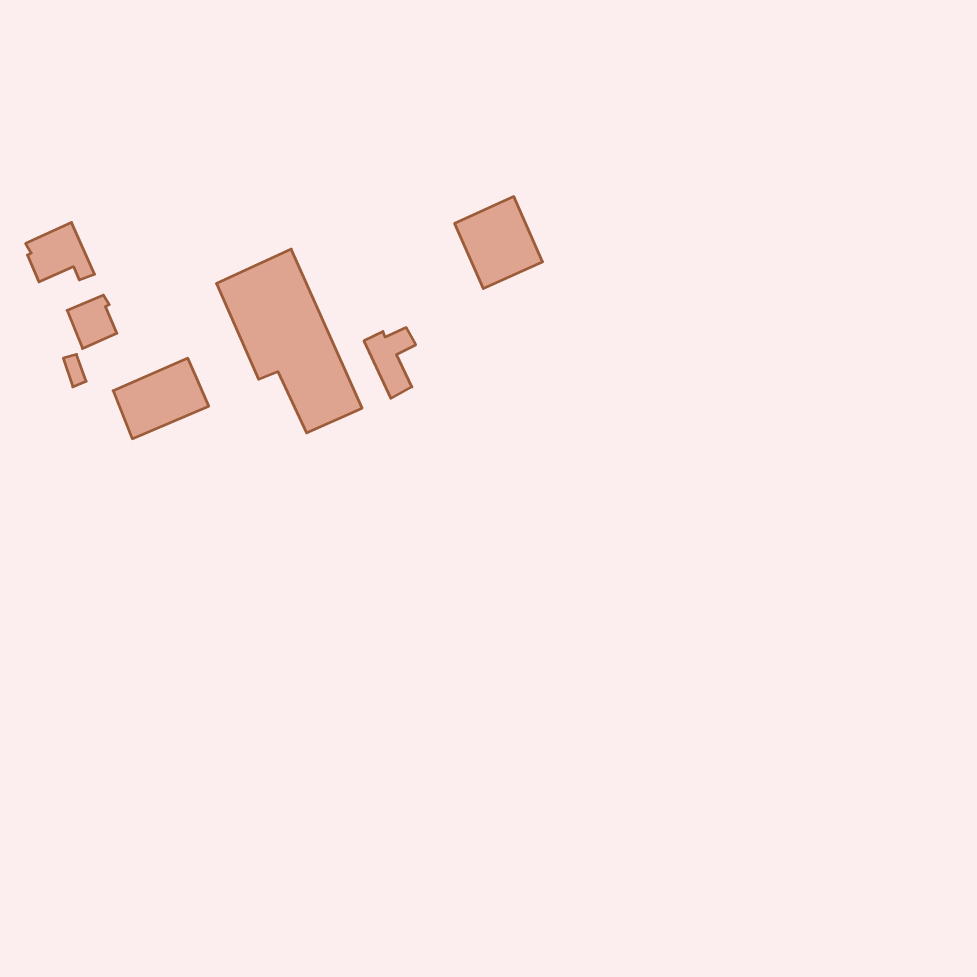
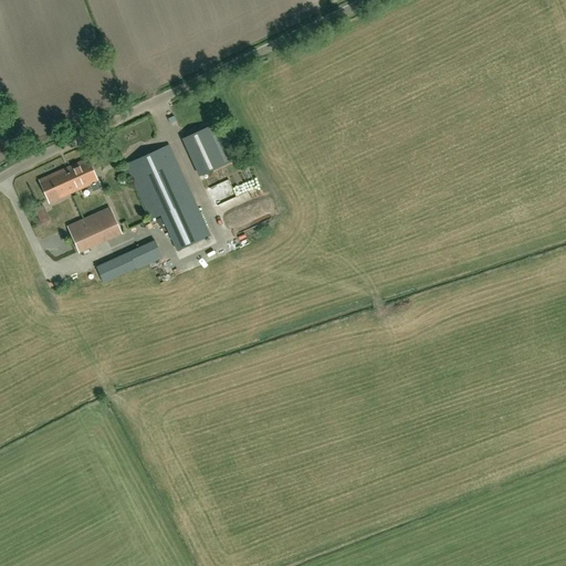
building: [455,197,543,289] -> [185,122,235,175]
building: [26,222,95,282] -> [60,158,99,192]
building: none -> [98,240,161,282]

